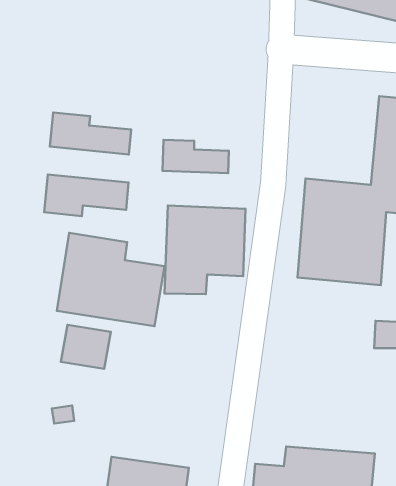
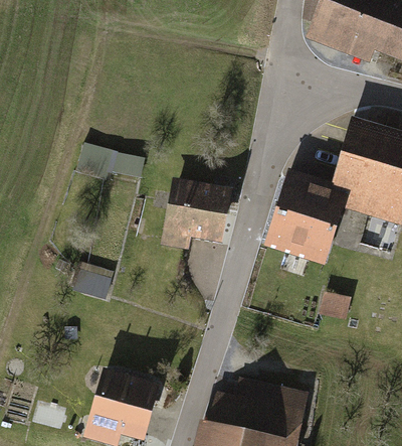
building: [50,112,131,154] -> none
building: [163,140,229,173] -> none
building: [57,233,165,326] -> none

